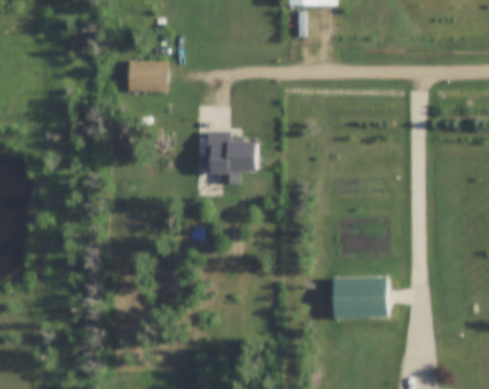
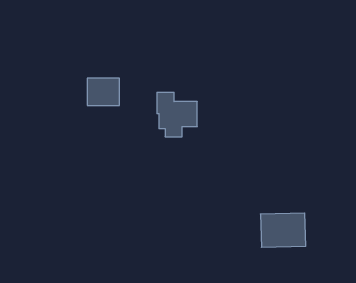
building: [128,60,166,93] -> [87,78,119,105]

